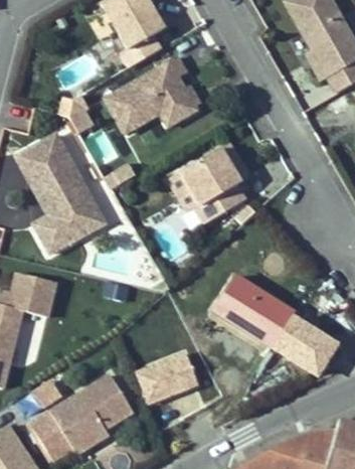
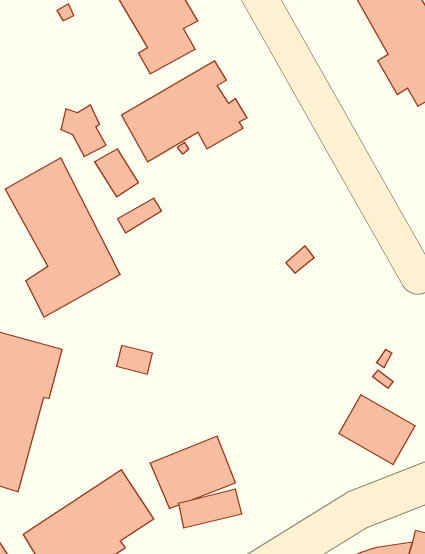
building: [166,144,247,222] -> none
building: [212,272,296,346] -> none

